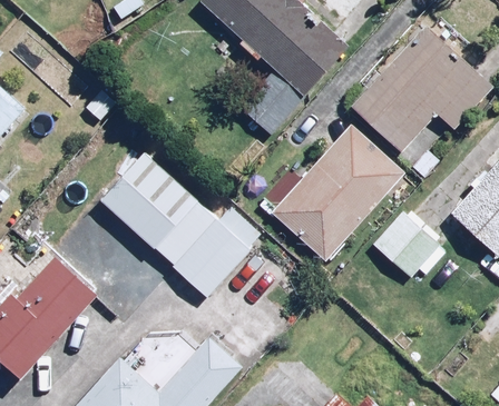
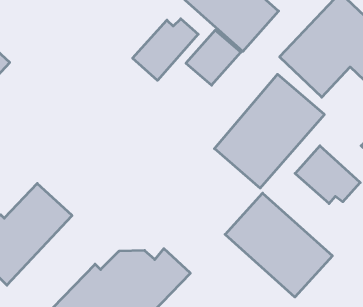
building: none -> [133,19,198,80]
building: [96,154,244,295] -> none
building: none -> [225,193,332,297]

